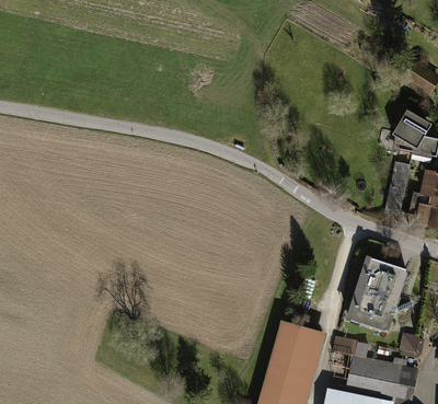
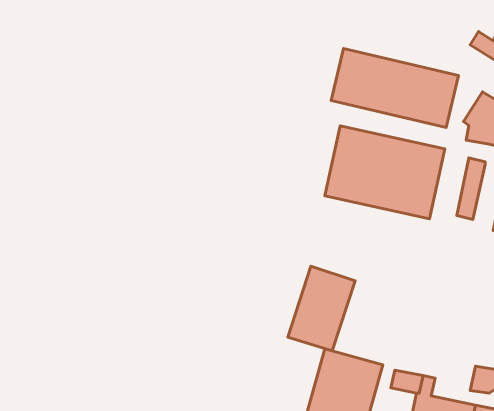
building: none -> [331,49,459,127]
building: none -> [325,126,445,219]
building: [350,258,405,327] -> [288,266,355,351]

